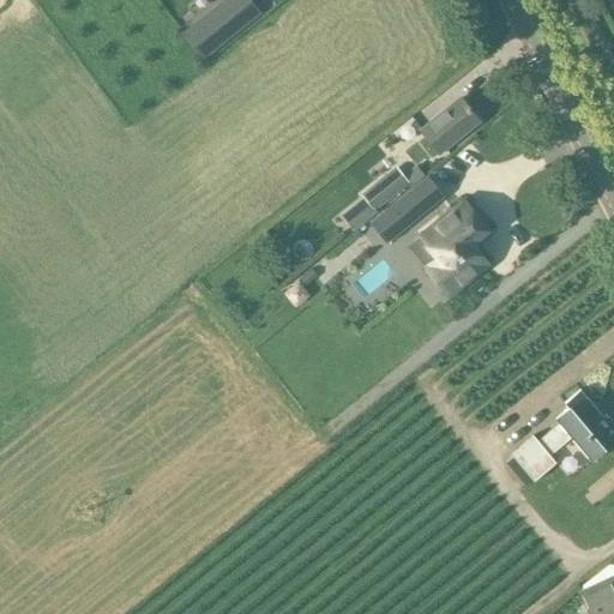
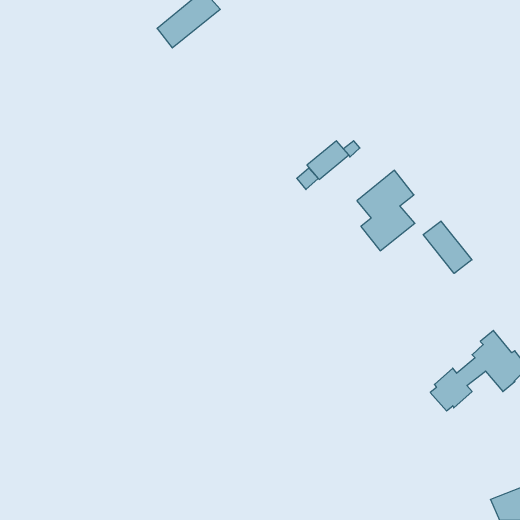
building: [417,97,481,154] -> none
building: [372,176,444,241] -> none
building: none -> [423,221,472,273]

